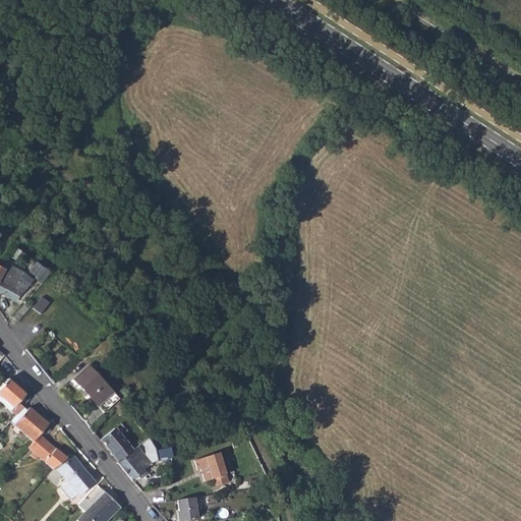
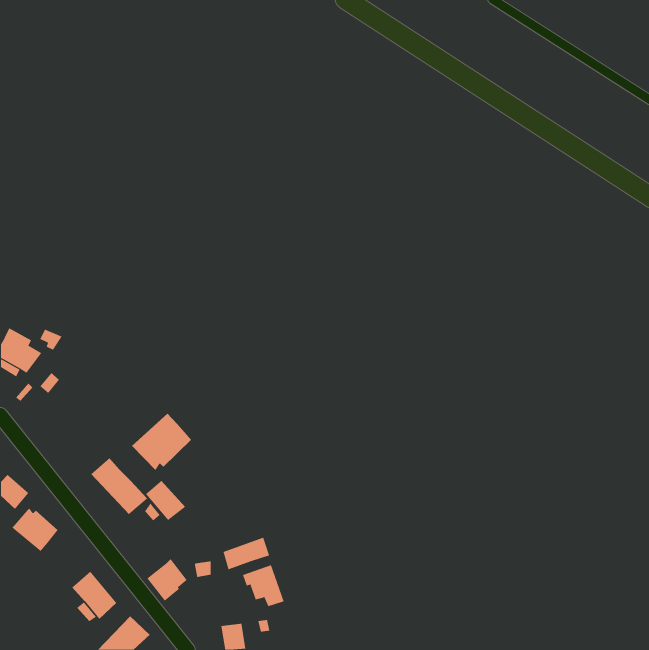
building: none -> [131,413,192,471]
building: [102,428,134,461] -> [145,480,186,521]
building: none -> [223,537,270,570]
building: [23,433,68,468] -> none

